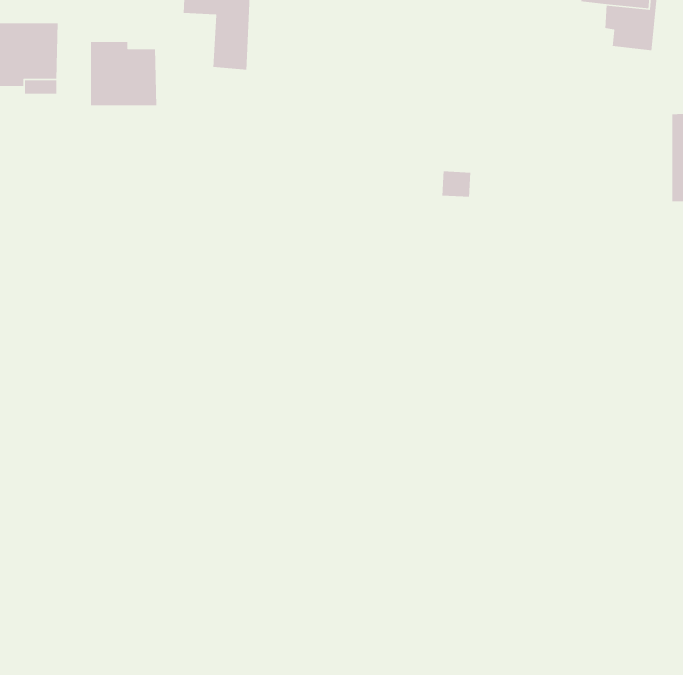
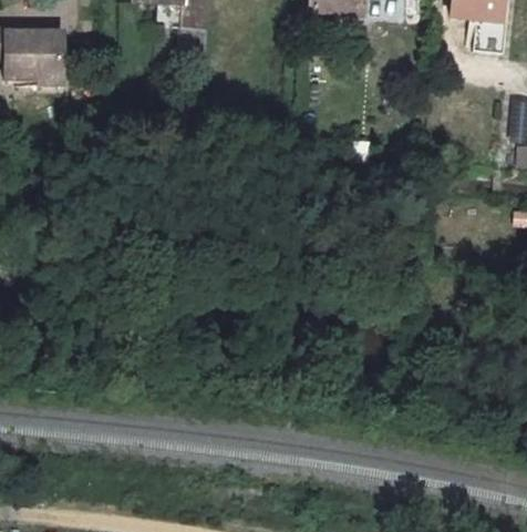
building: [90,41,157,106] -> none

